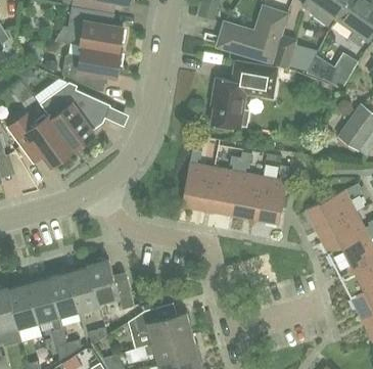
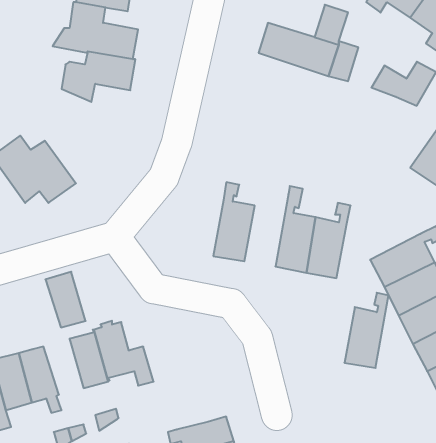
building: [211,60,277,132] -> none
building: [40,89,110,149] -> none
building: [205,155,240,215] -> [344,293,388,368]
building: [47,272,79,316] -> [45,272,86,327]
building: [127,308,191,349] -> none

